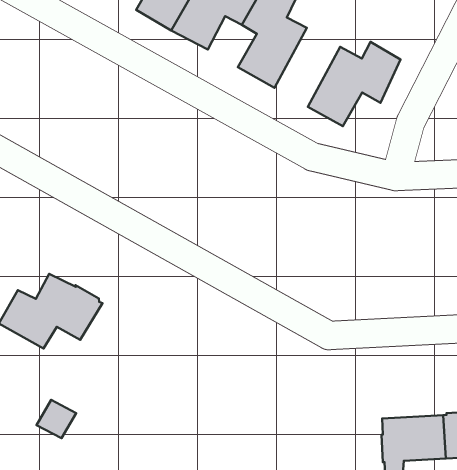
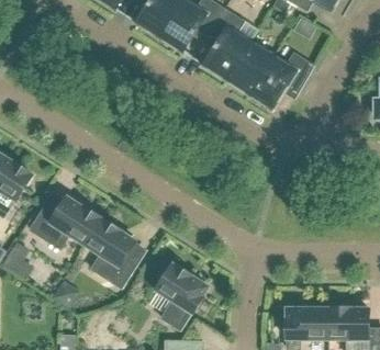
building: none -> [226,39,272,93]
building: none -> [85,218,135,286]
building: none -> [156,263,206,328]

